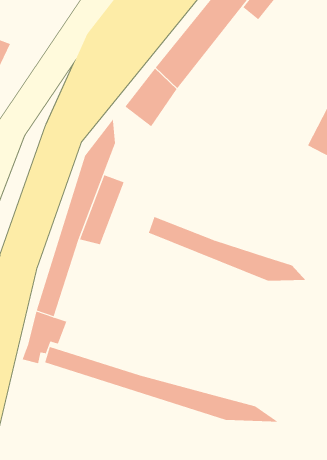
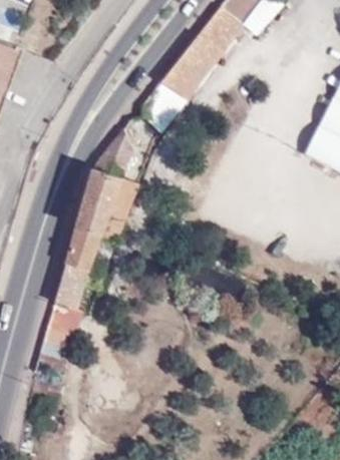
building: [148,216,307,282] -> none
building: [45,346,280,423] -> none

